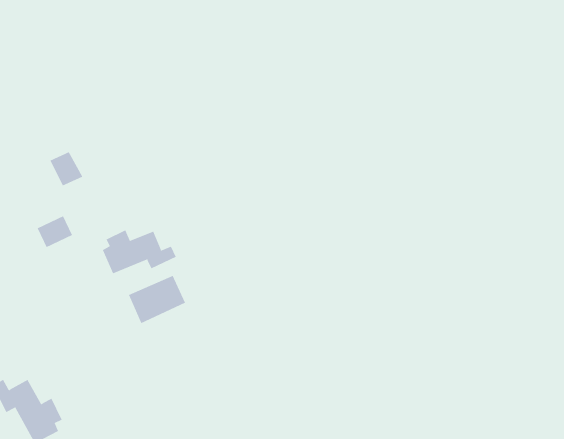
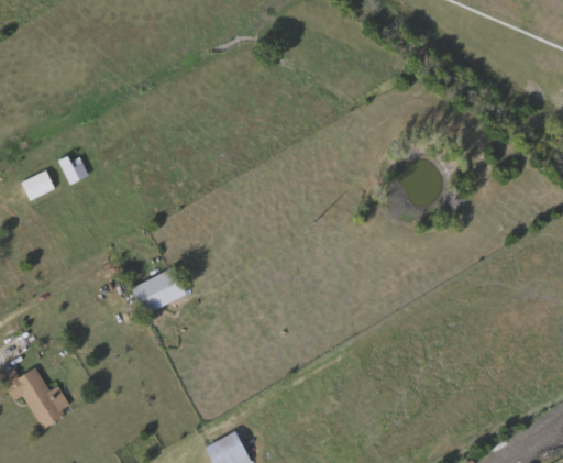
building: [37,215,73,248] -> [21,170,55,201]
building: [102,229,177,274] -> none

